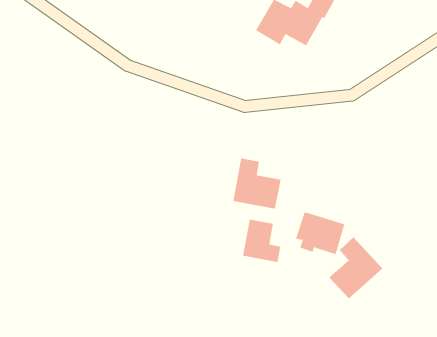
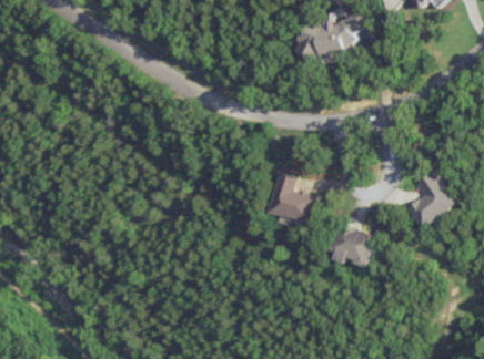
building: [243,219,281,263] -> none
building: [328,237,383,299] -> [405,171,458,232]

